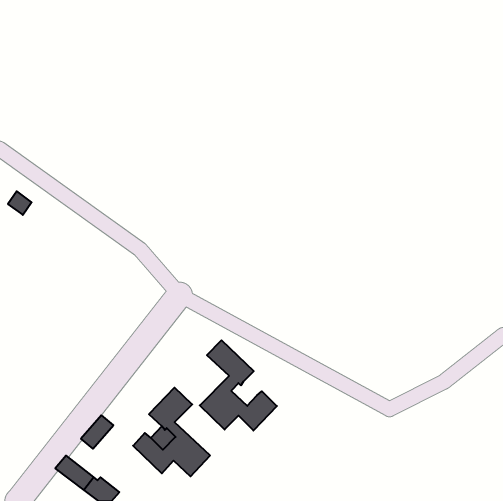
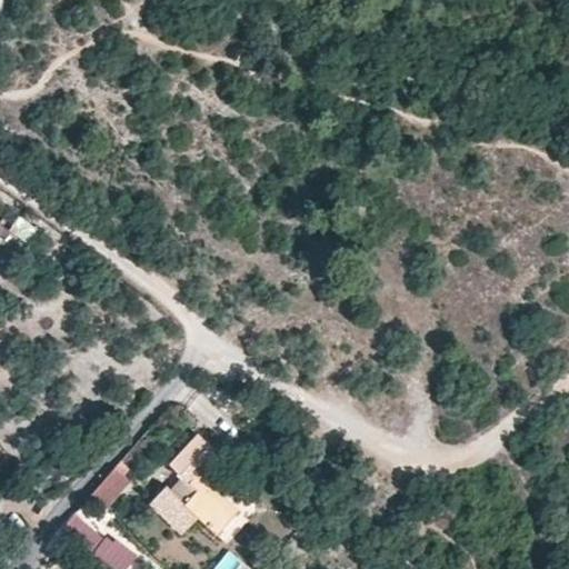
building: [200,340,277,431] -> none

